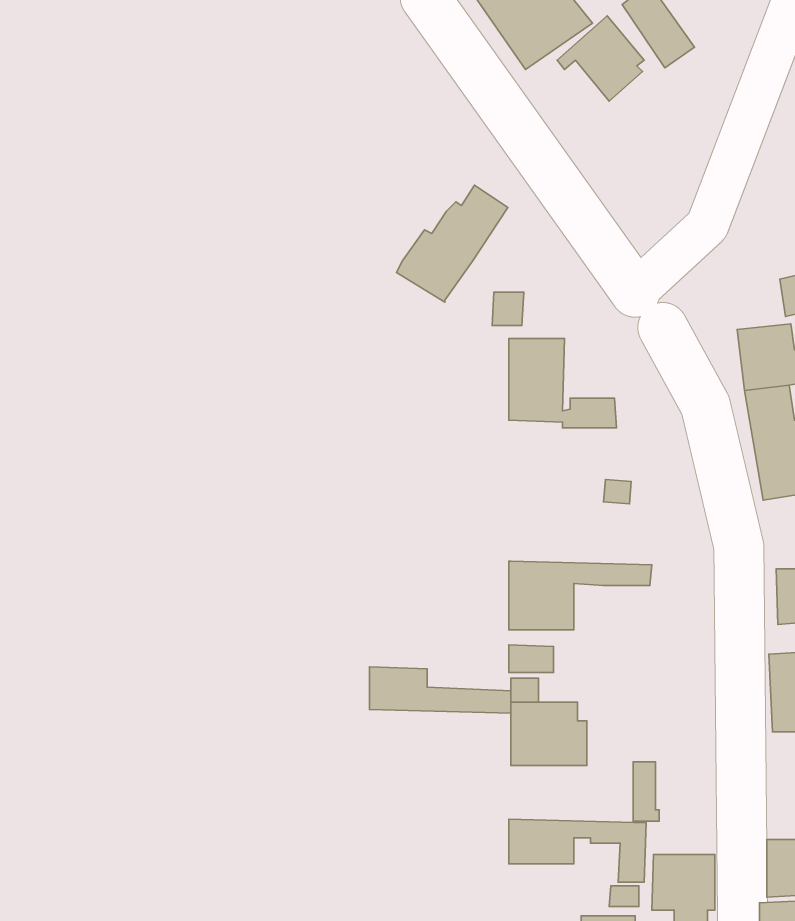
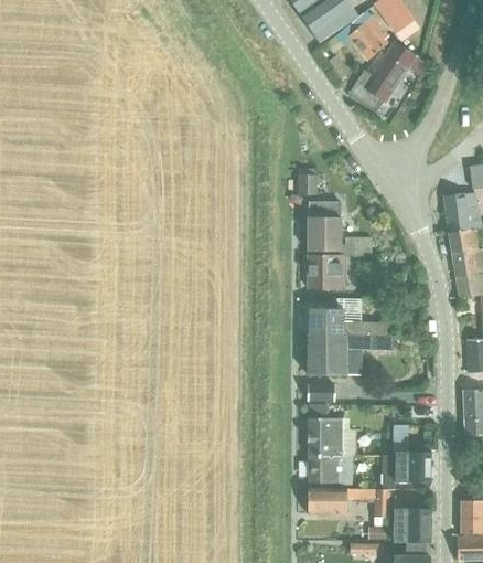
building: [397,185,508,302] -> [348,43,415,113]
building: none -> [309,255,346,289]
building: [370,667,511,713] -> [310,309,394,337]
building: none -> [396,452,431,482]
building: none -> [310,456,353,482]

